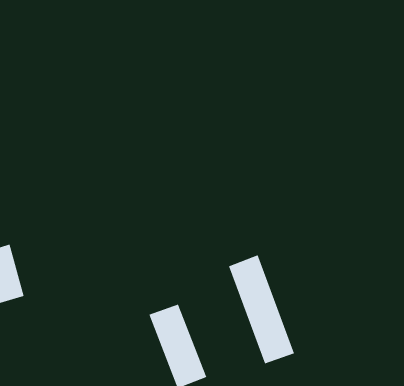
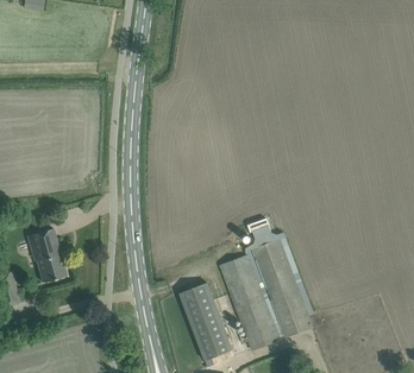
building: none -> [220,254,280,350]

